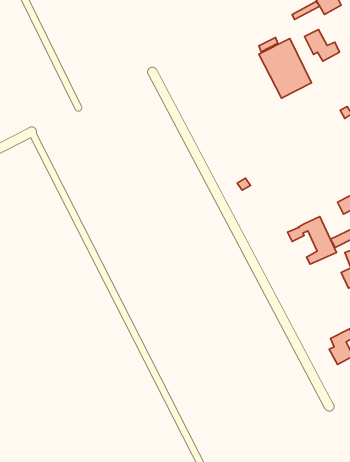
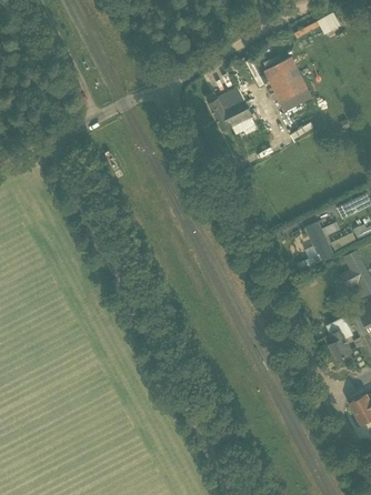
building: [304,29,340,61] -> none
building: none -> [207,89,255,135]

